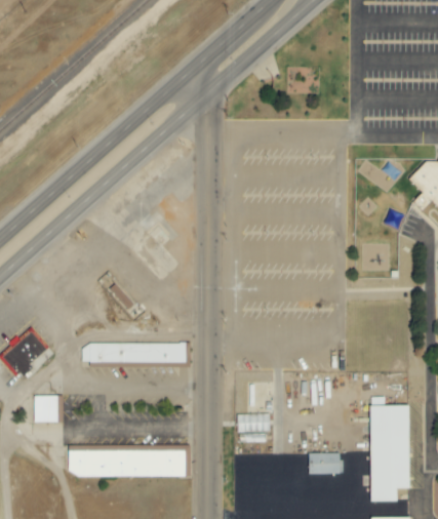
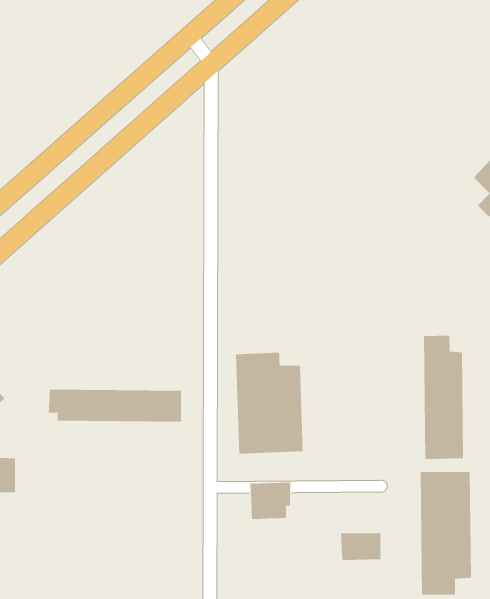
building: none -> [424,335,463,460]
building: none -> [236,352,303,454]
building: [69,449,186,476] -> none

